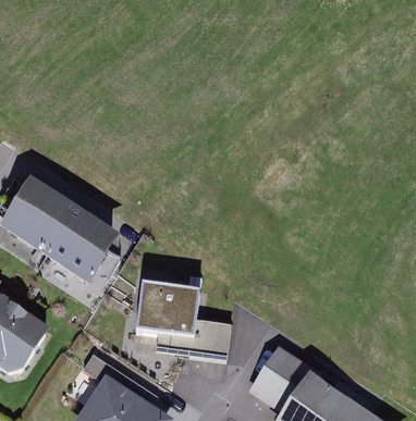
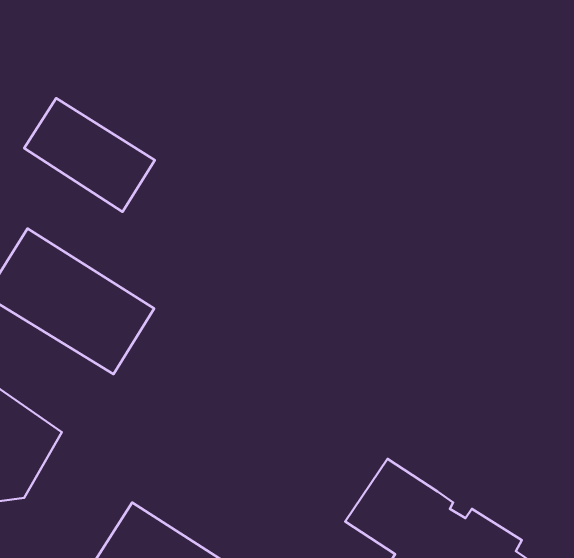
building: none -> [24,98,155,212]
building: [131,282,229,355] -> none

